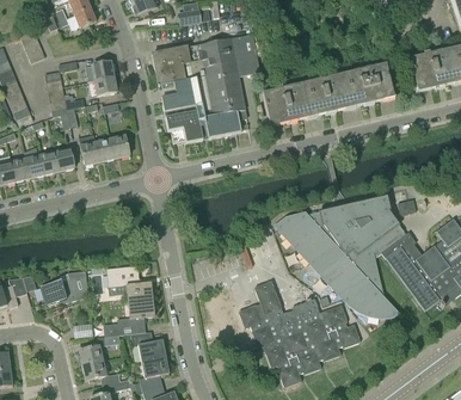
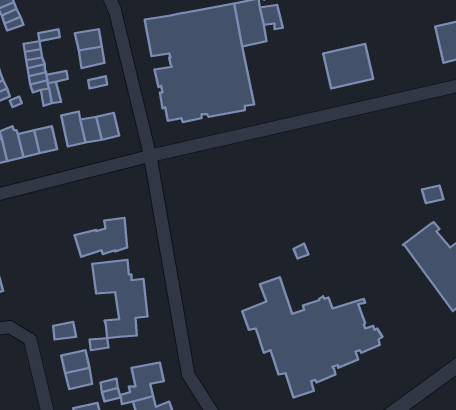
building: [346,64,392,105] -> none
building: [262,82,316,124] -> none
building: [275,199,405,316] -> none
building: [41,270,87,304] -> [74,218,127,257]
building: [129,331,165,361] -> none

